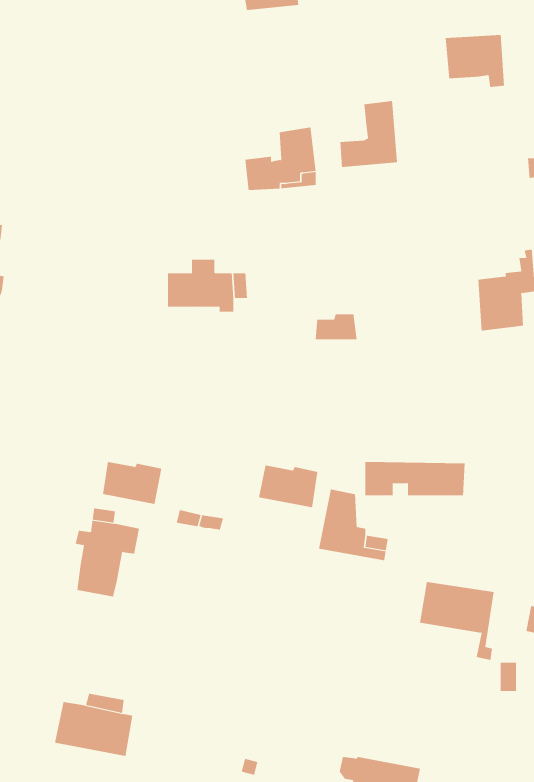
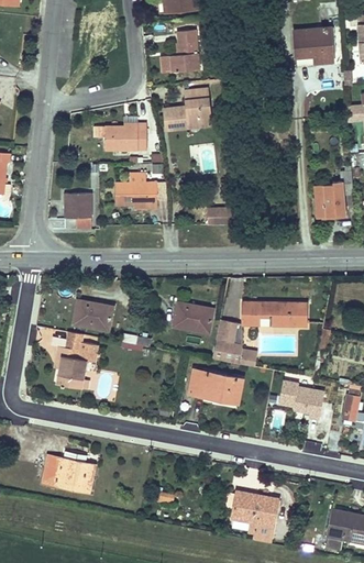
building: [340,101,398,167] -> [162,30,199,73]
building: none -> [93,122,146,150]
building: none -> [65,192,92,228]
building: none -> [190,369,243,402]

